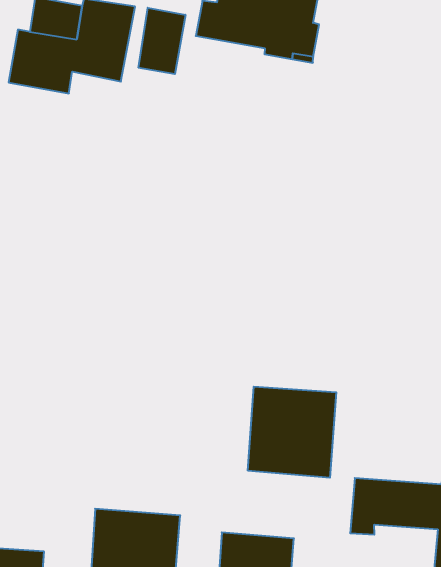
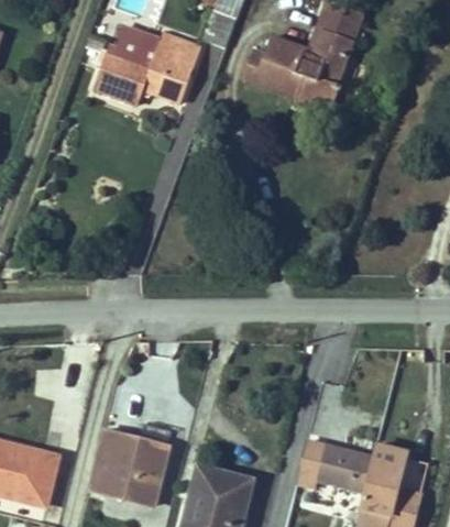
building: [139,8,185,74] -> none
building: [248,387,336,478] -> none

